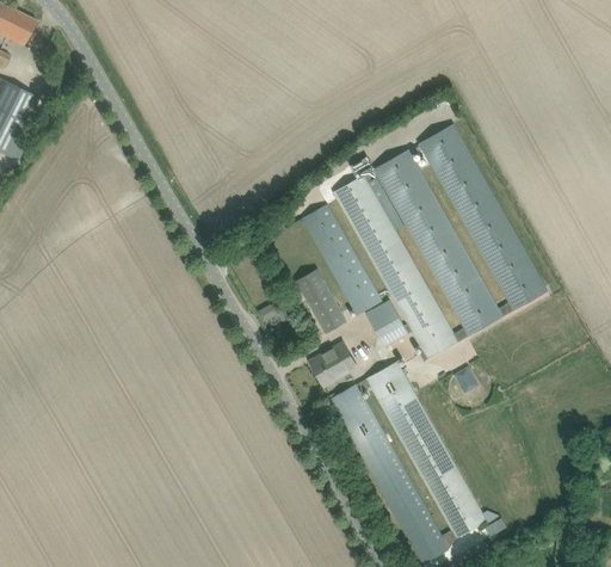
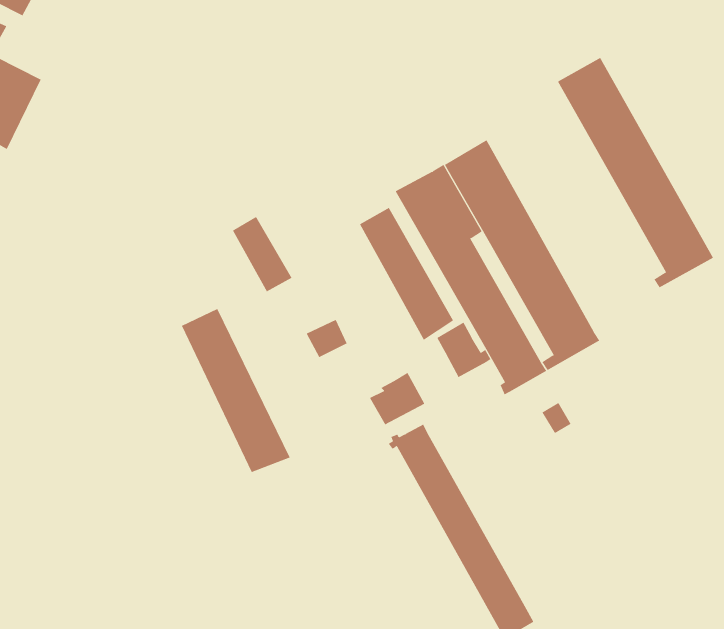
building: [418,123,548,315] -> [557,57,714,288]
building: [296,269,346,332] -> [232,216,293,292]
building: none -> [181,308,291,473]
building: [356,359,486,549] -> none

